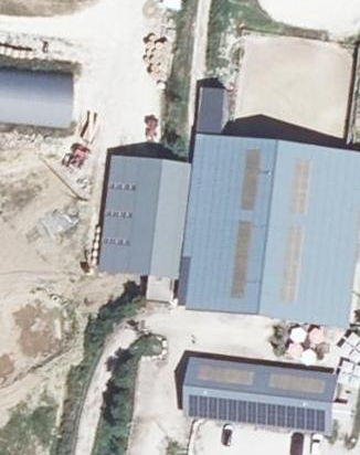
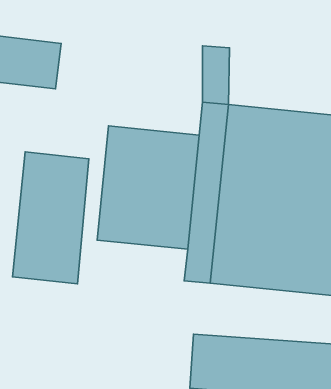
building: none -> [13,152,89,284]

